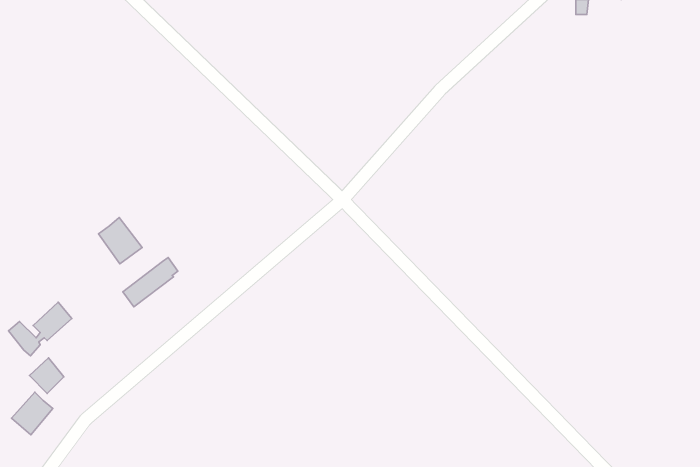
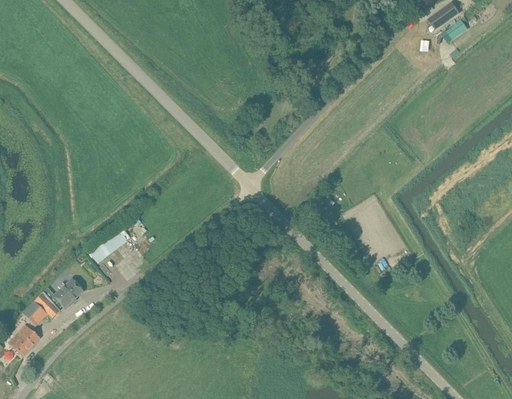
building: [98,217,142,264] -> none
building: [9,302,72,356] -> [36,279,82,318]

